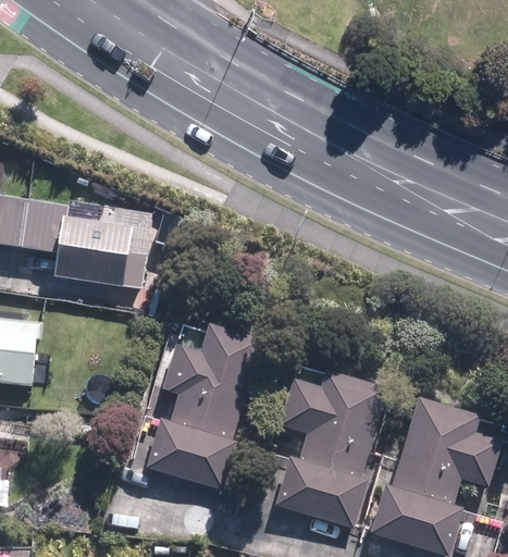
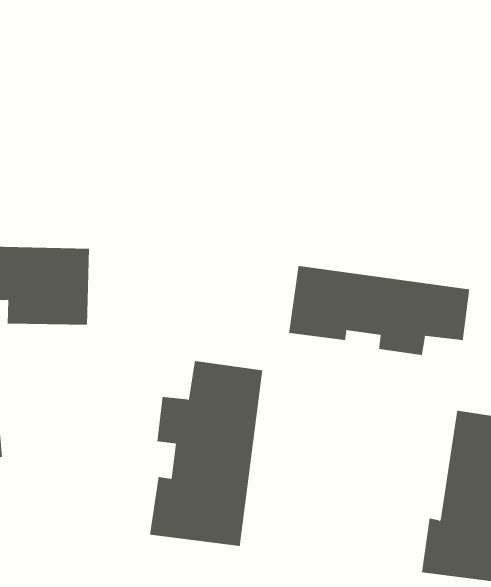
building: none -> [288,265,470,356]
building: [277,372,388,525] -> none

